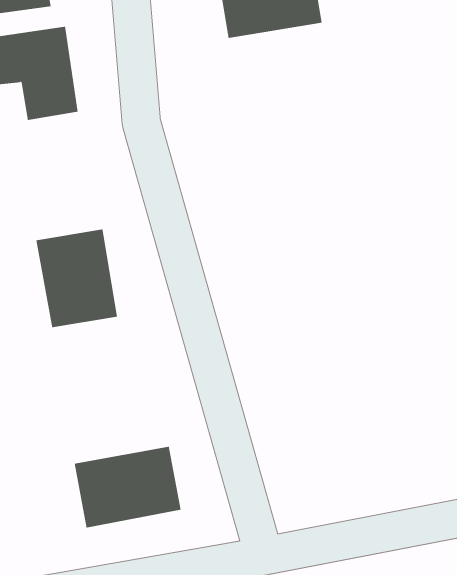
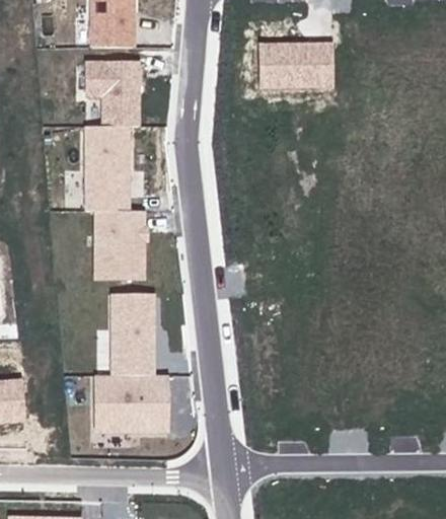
building: none -> [86,130,132,202]
building: none -> [109,291,153,373]

